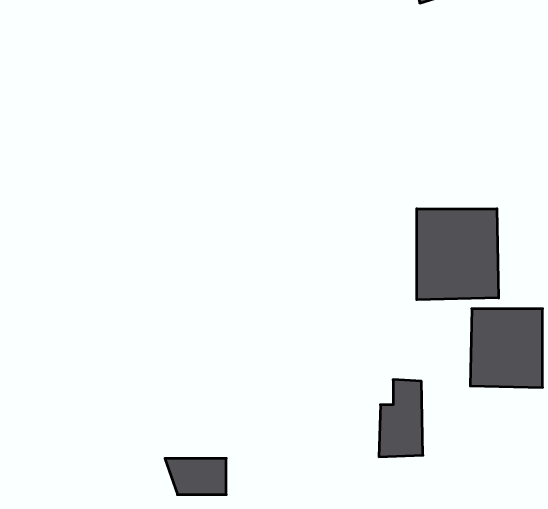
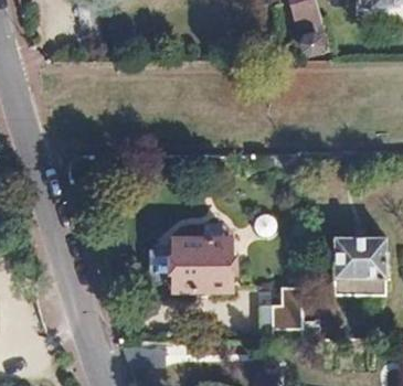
building: [417,209,499,300] -> none
building: none -> [172,239,229,290]

